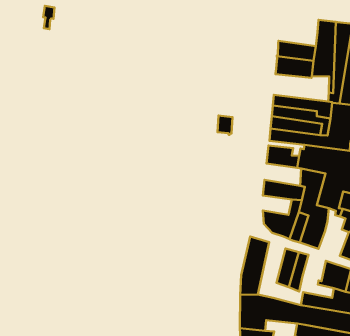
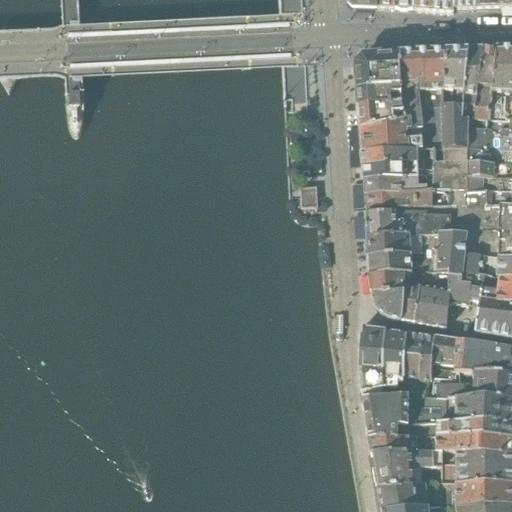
building: none -> [356,49,404,82]
building: none -> [361,115,430,148]
building: none -> [368,231,413,252]
building: none -> [370,270,406,289]
building: none -> [452,273,474,304]
building: none -> [384,326,408,392]
building: none -> [434,333,459,362]

